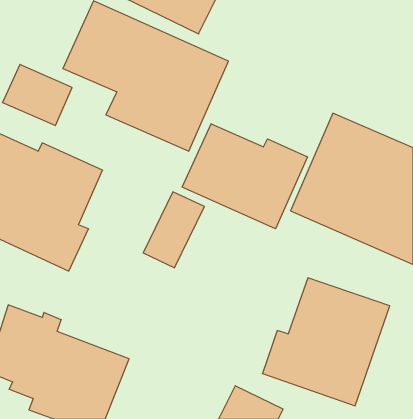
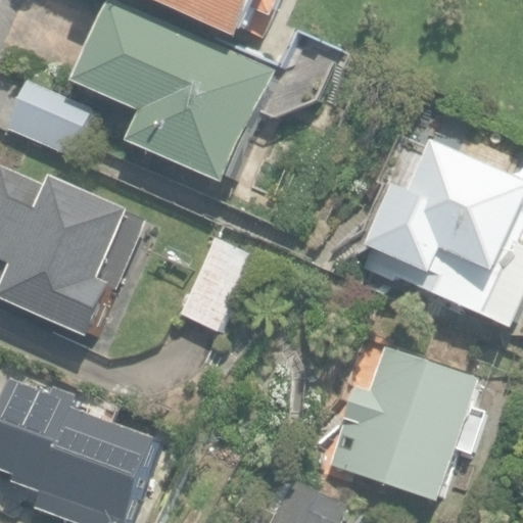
building: [182,124,307,229] -> none

